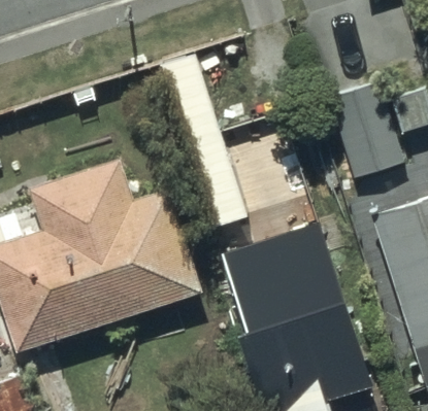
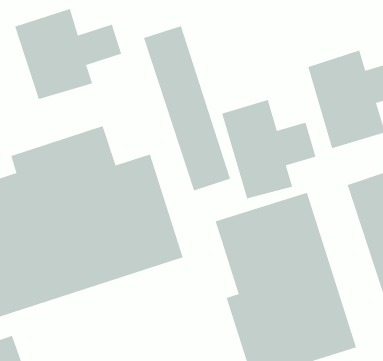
building: none -> [15,8,122,100]
building: none -> [221,99,316,199]

